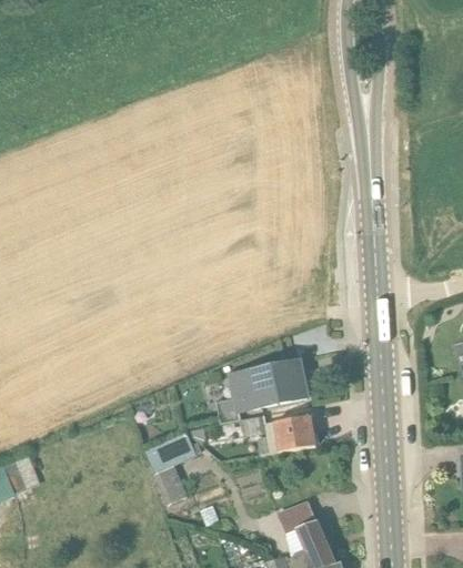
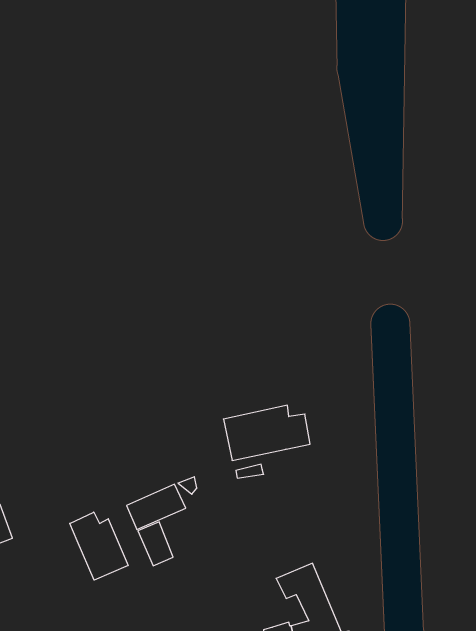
building: [278,415,315,450] -> none
building: none -> [70,512,128,580]

